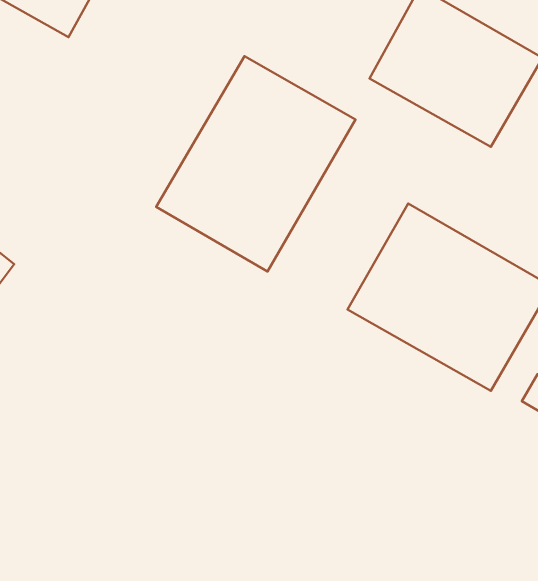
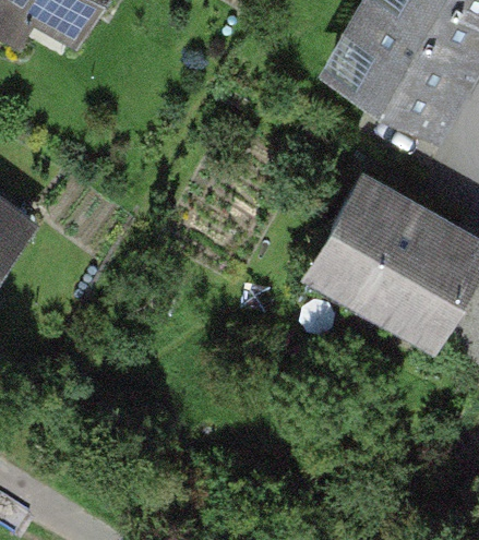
building: [156,56,355,271] -> none

